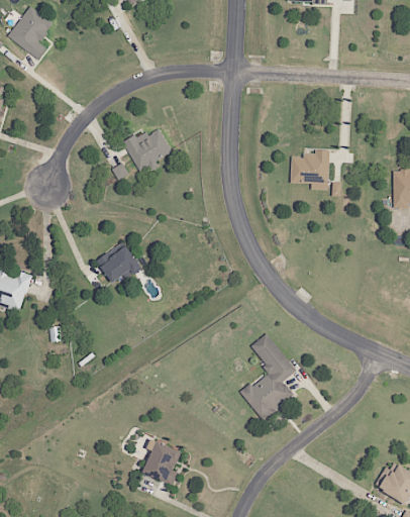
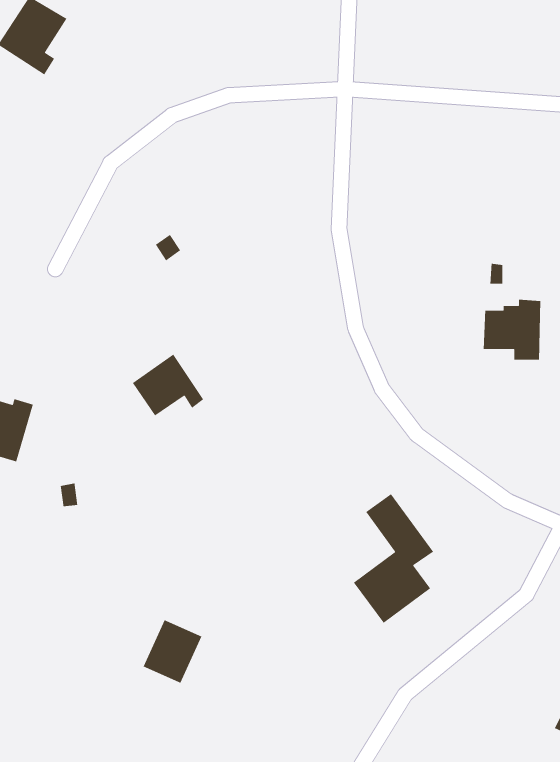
building: [123,129,173,171] -> none
building: [290,149,328,190] -> [483,299,541,360]
building: [142,441,182,484] -> [143,619,202,684]

